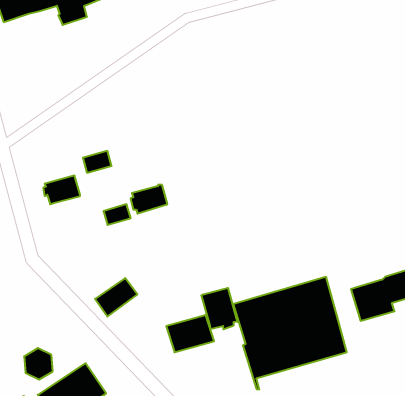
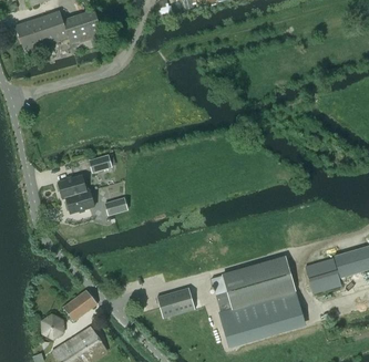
building: [131,185,167,214] -> [64,189,94,213]
building: [95,278,137,317] -> [63,289,98,320]
building: [201,288,237,329] -> none

